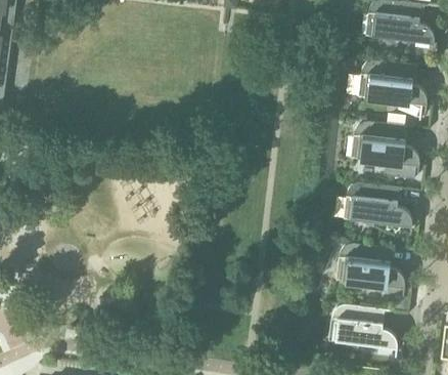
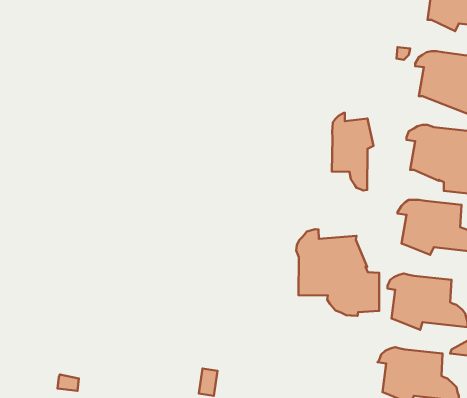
building: none -> [332,113,374,191]
building: none -> [296,229,379,316]

